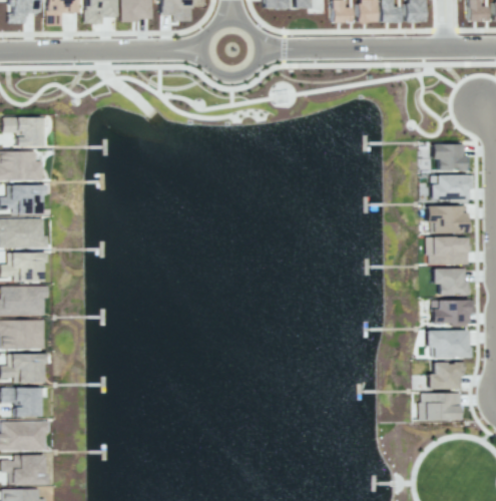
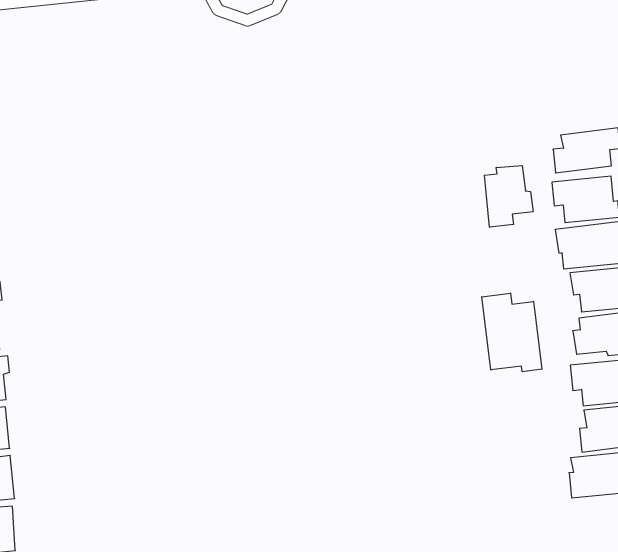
building: [430,142,469,170] -> none
building: none -> [484,166,533,227]
building: none -> [482,293,542,372]

